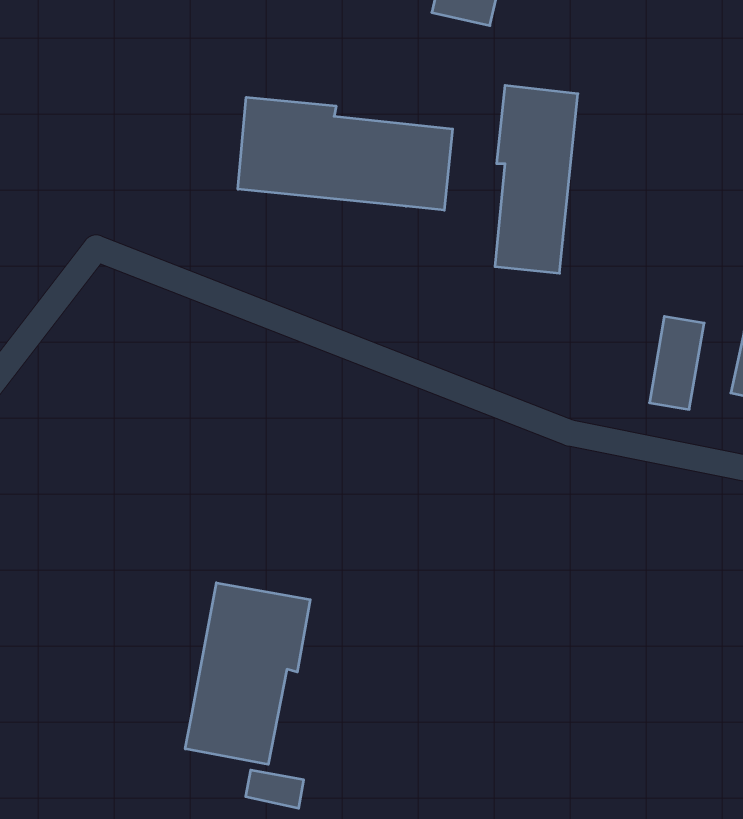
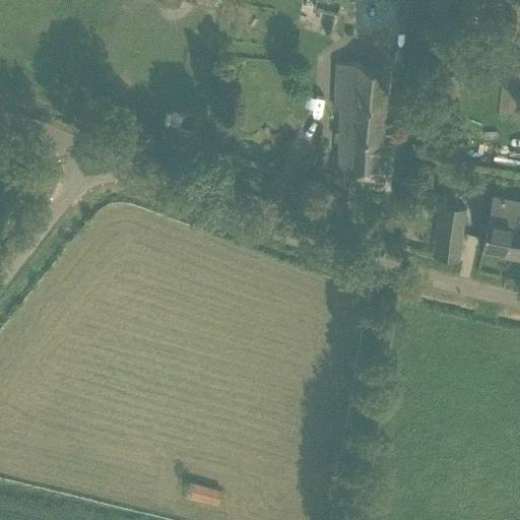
building: [238,97,453,210] -> none
building: [185,583,310,764] -> none

